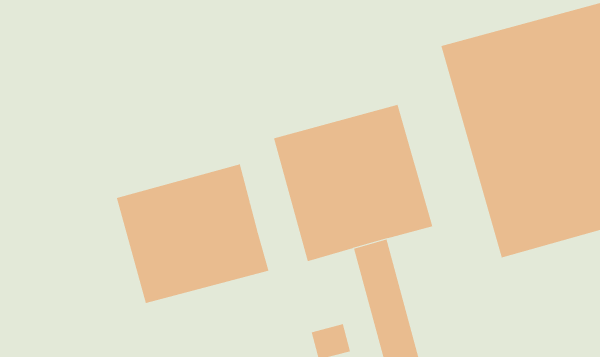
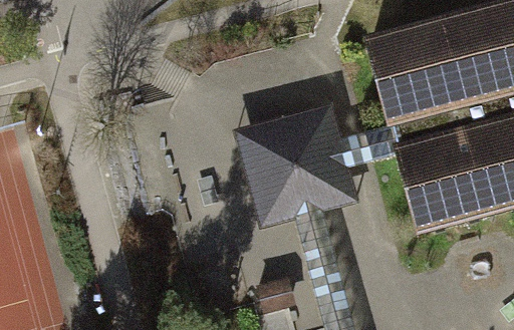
building: [116,163,269,304] -> none

